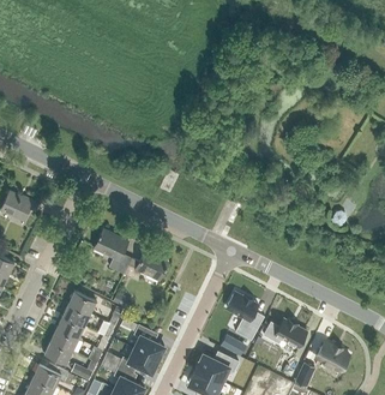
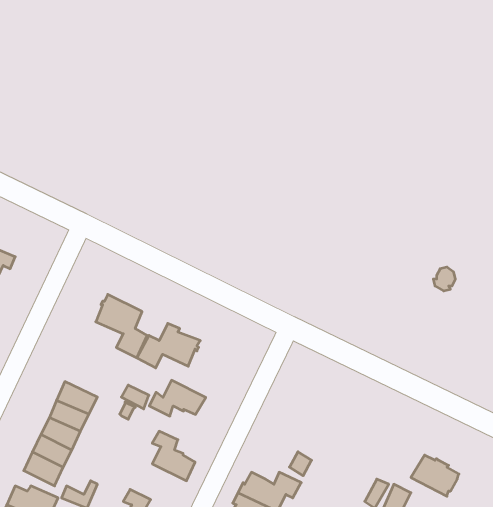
building: [227,293,264,341] -> none
building: [264,319,307,347] -> none
building: [119,348,158,373] -> [149,380,206,416]

